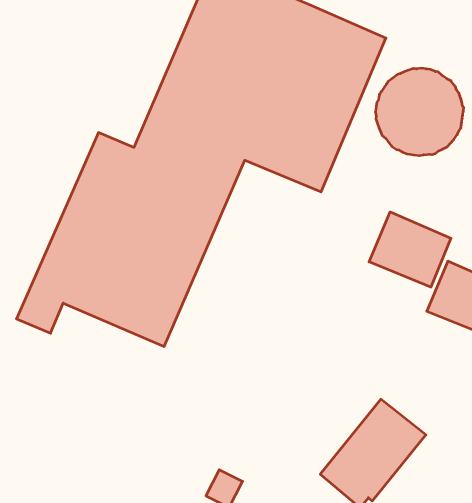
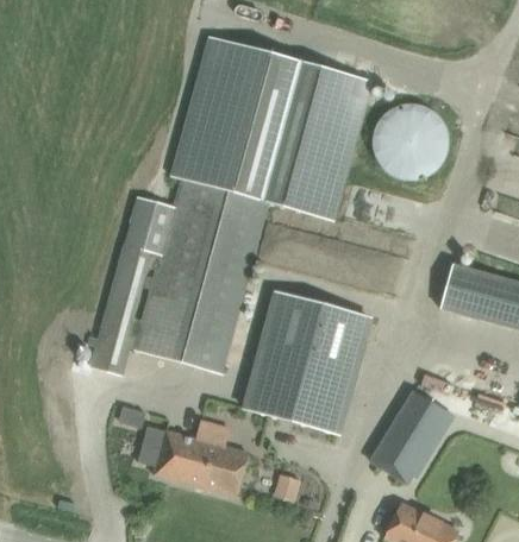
building: [369,212,451,287] -> none
building: none -> [244,291,369,431]
building: none -> [137,418,248,496]

